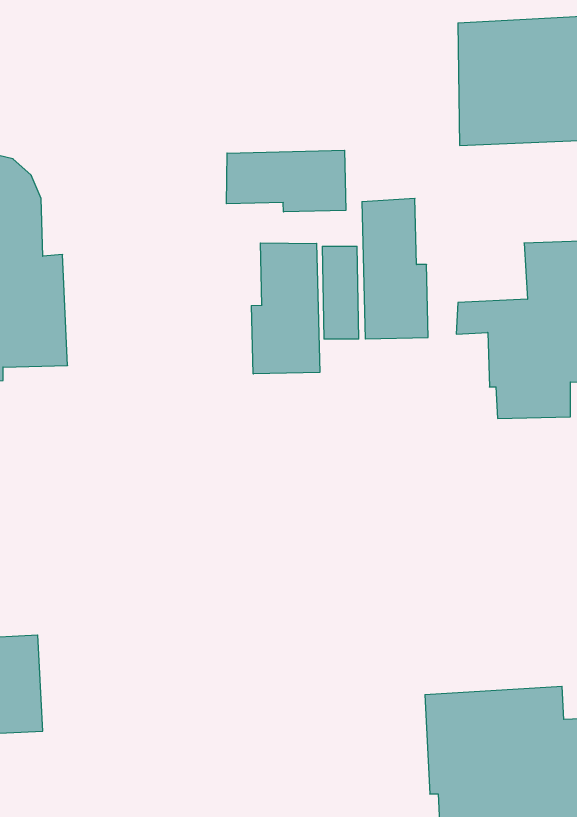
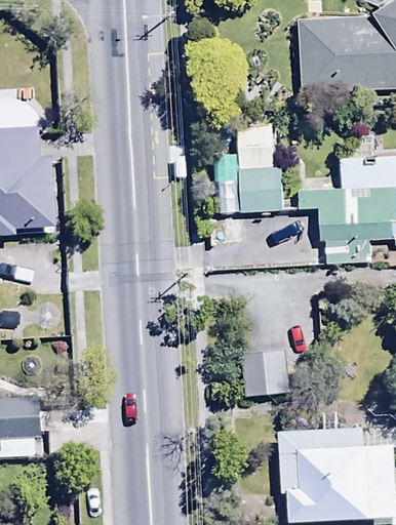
building: [227,150,346,212] -> none
building: [251,243,320,374] -> none
building: none -> [242,349,287,398]

